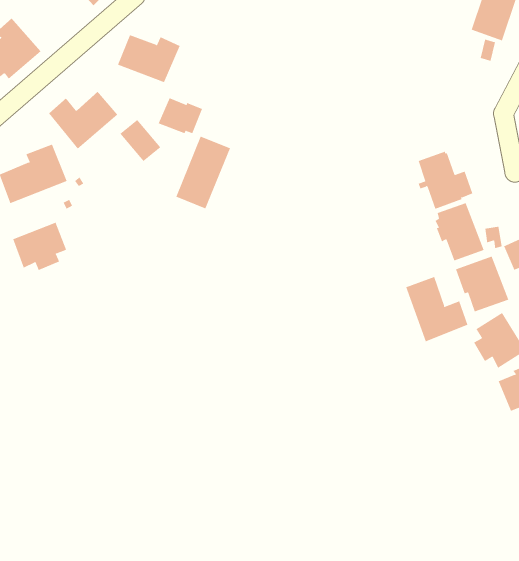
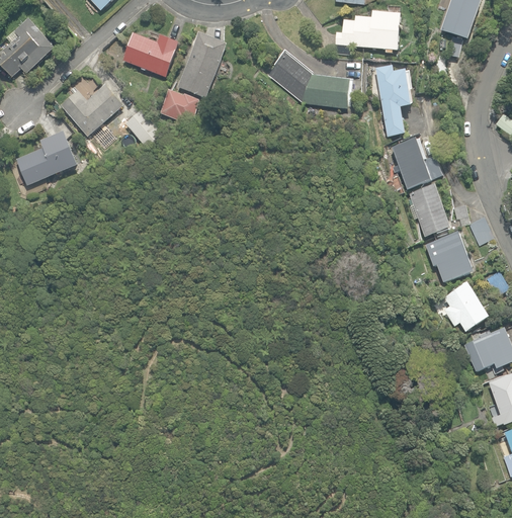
building: none -> [333,9,400,55]
building: none -> [268,53,350,107]
building: none -> [374,64,412,136]
building: [175,136,231,209] -> [177,31,227,97]
building: [12,222,67,271] -> none
building: [406,276,468,342] -> none

